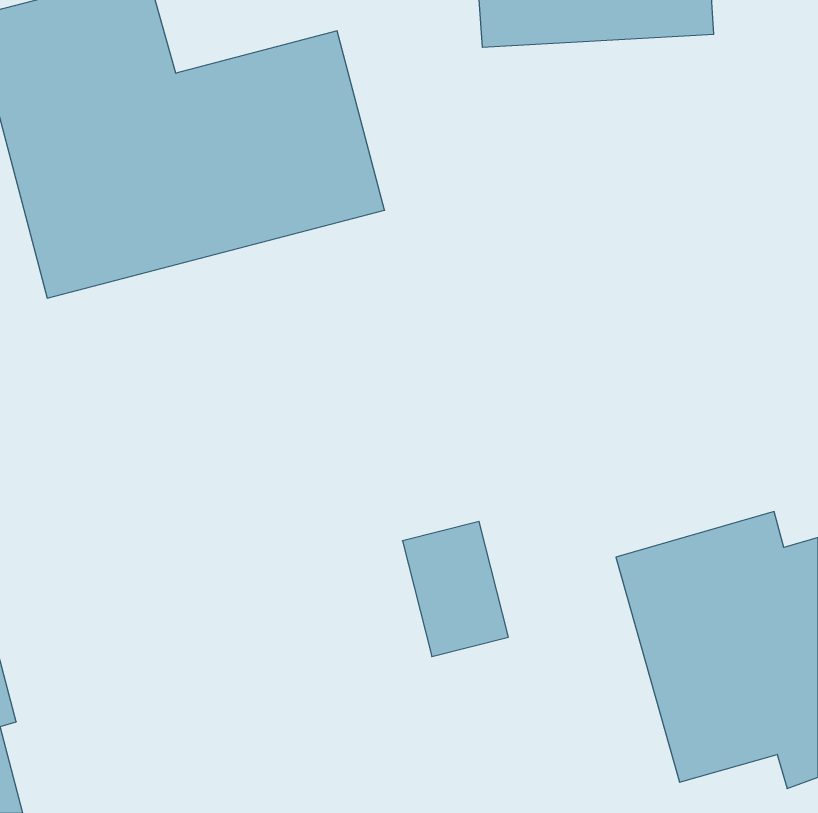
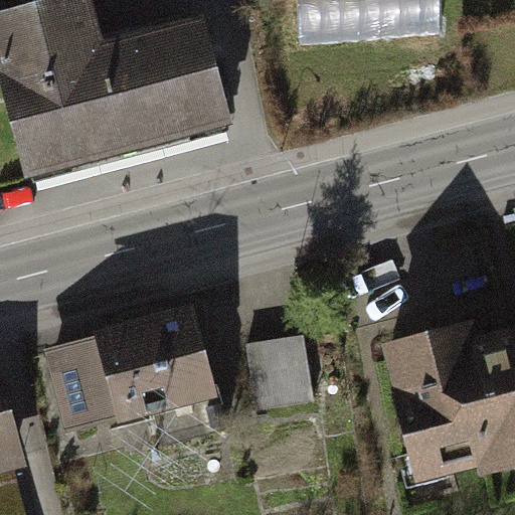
building: none -> [39,308,222,440]

